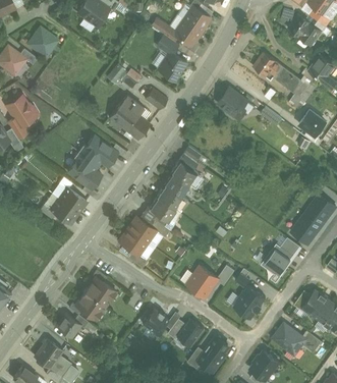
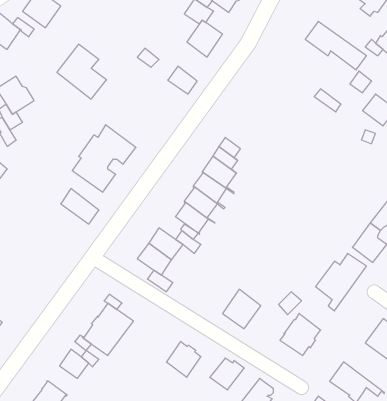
building: [218,88,246,118] -> none
building: [109,95,149,139] -> [57,44,107,99]
building: [48,198,79,226] -> none

